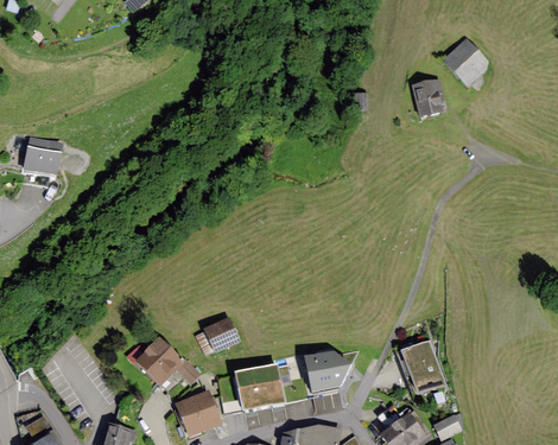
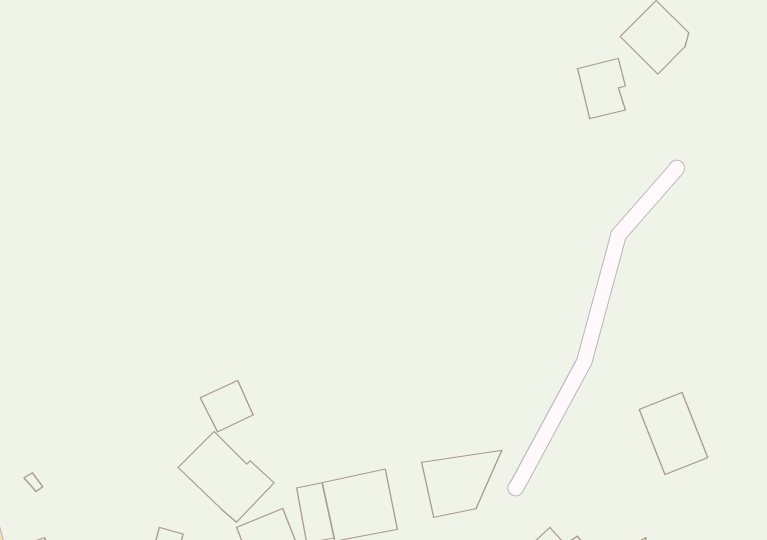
building: [23,136,63,176] -> none
building: [203,317,240,352] -> [200,381,253,432]
building: [399,339,446,396] -> [639,392,708,475]

